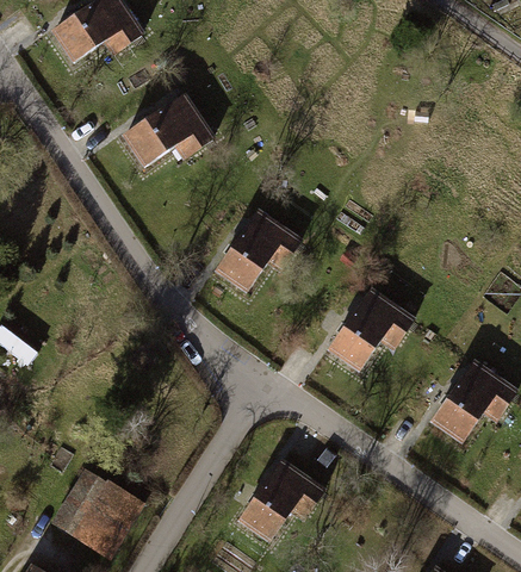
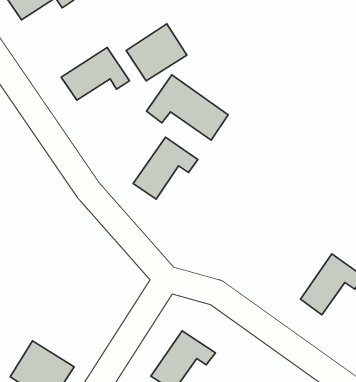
building: none -> [126,24,187,81]
building: none -> [147,75,228,140]
building: [329,290,414,371] -> none

